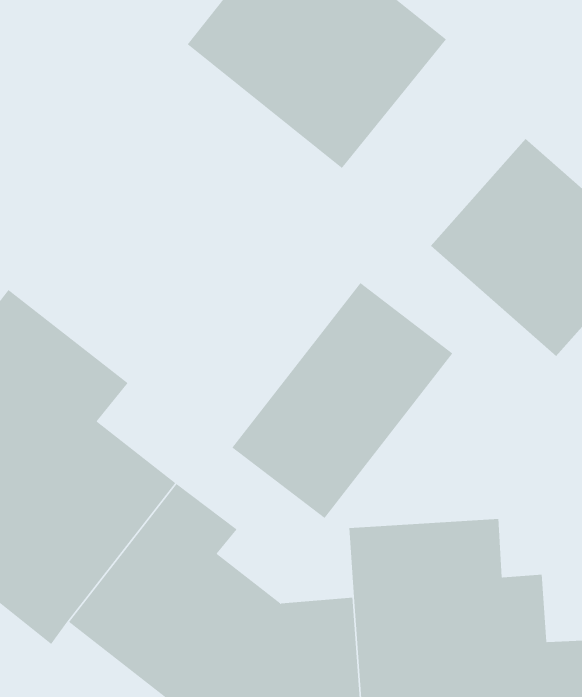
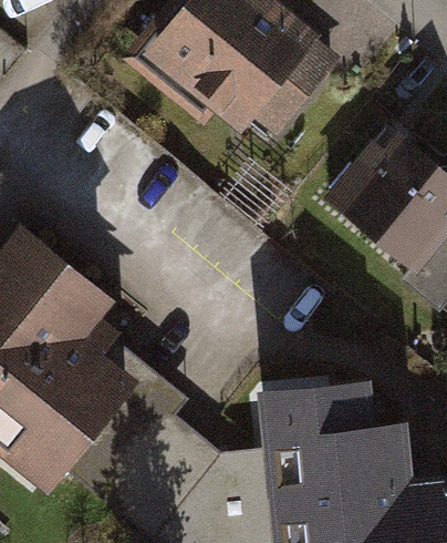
building: [232,282,453,519] -> none

